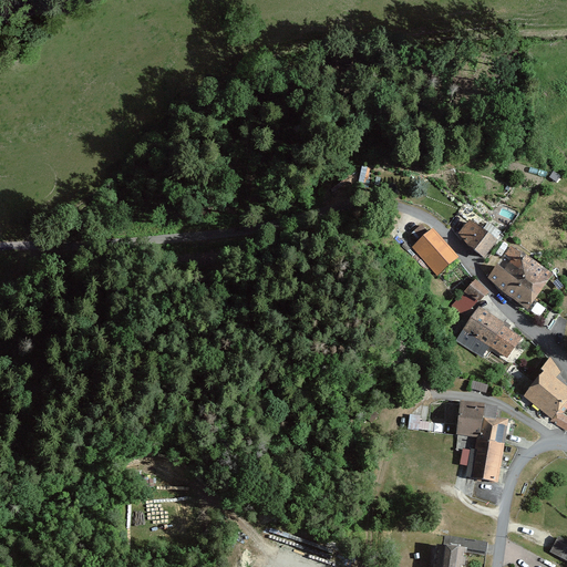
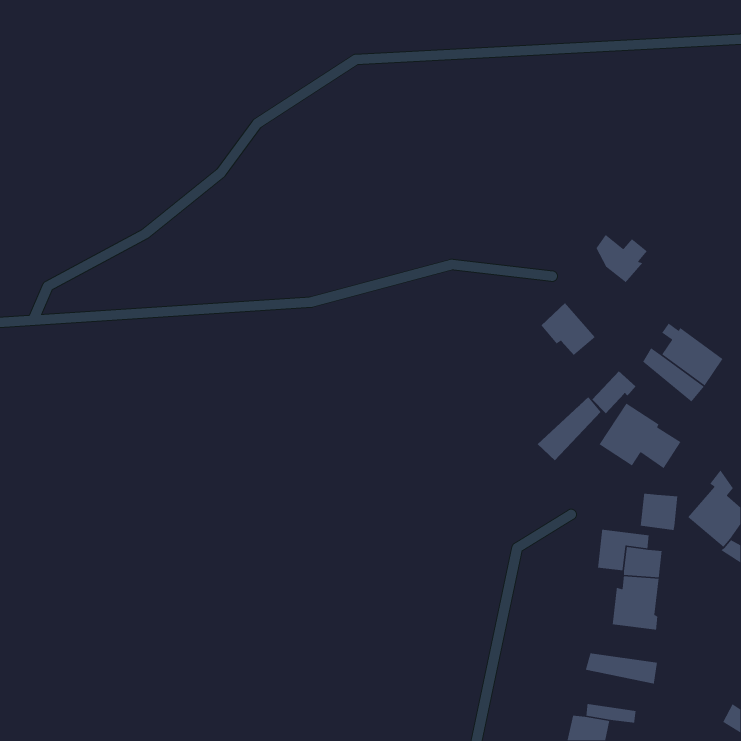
building: [460,219,499,257] -> [595,234,648,283]
building: none -> [537,396,601,461]
building: none -> [640,493,678,531]
building: none -> [585,652,658,684]

